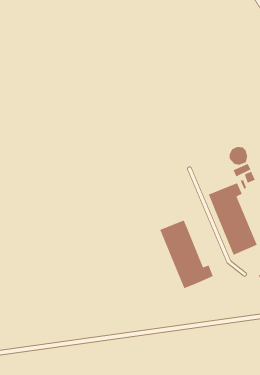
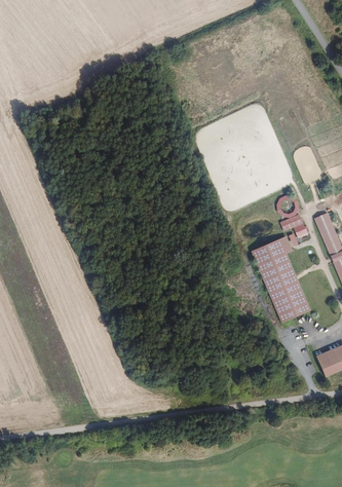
building: [159,219,214,289] -> none

